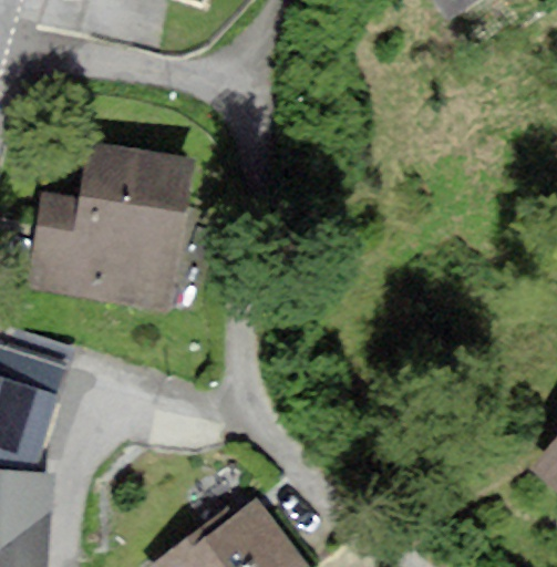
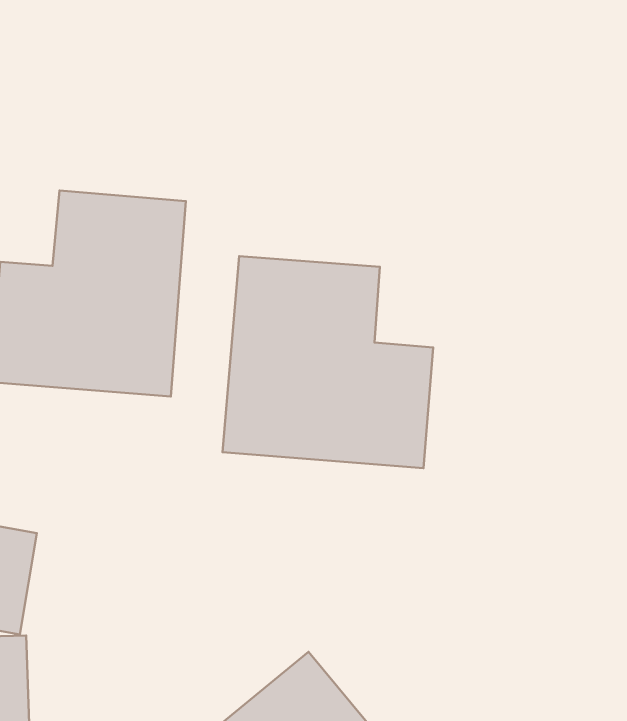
building: none -> [223,256,433,468]

